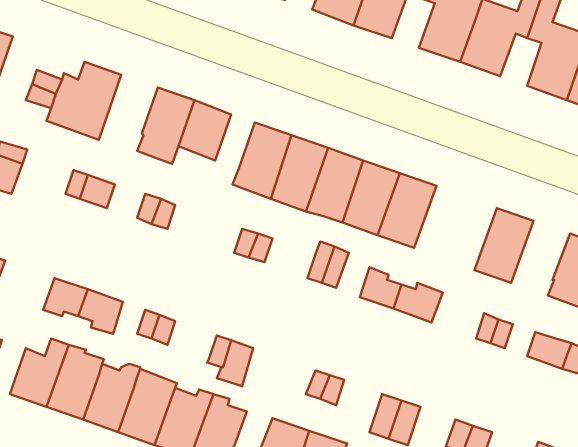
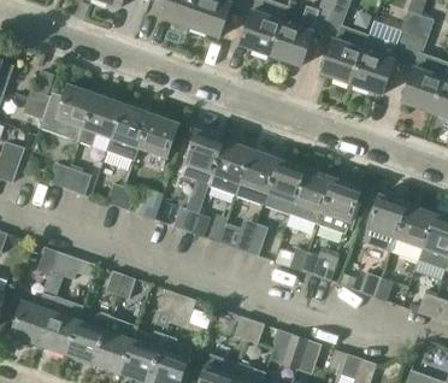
building: none -> [78,93,123,152]
building: none -> [317,177,361,234]
building: none -> [390,204,435,260]

